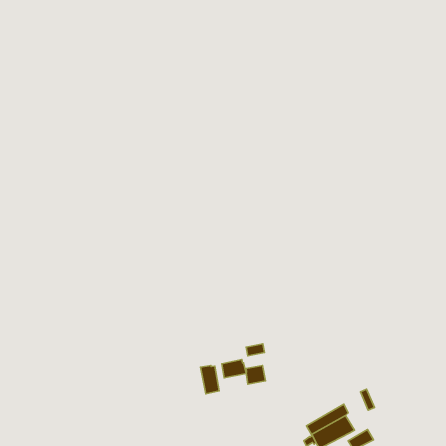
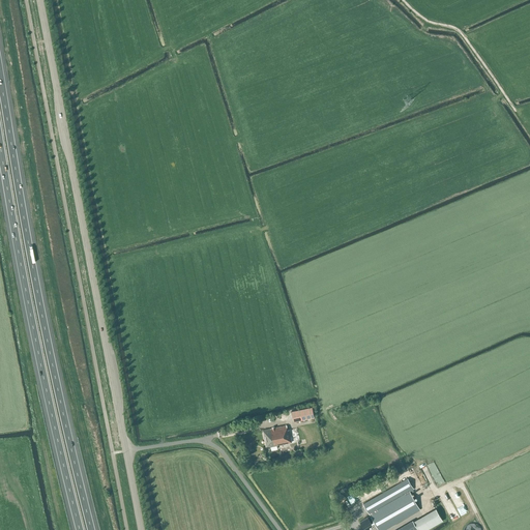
building: [246,366,266,384] -> none
building: [200,366,219,394] -> none

